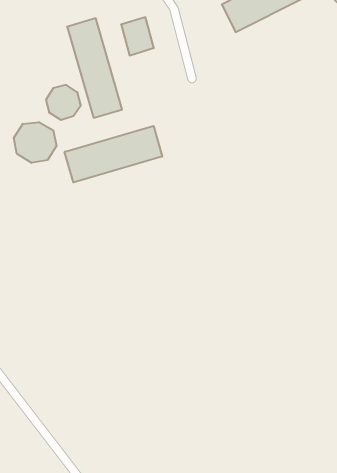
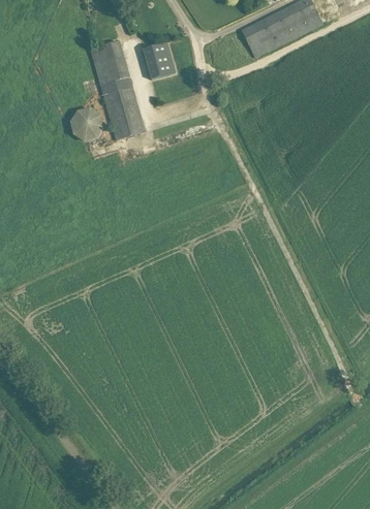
building: [14,122,56,163] -> none
building: [65,126,162,182] -> none

